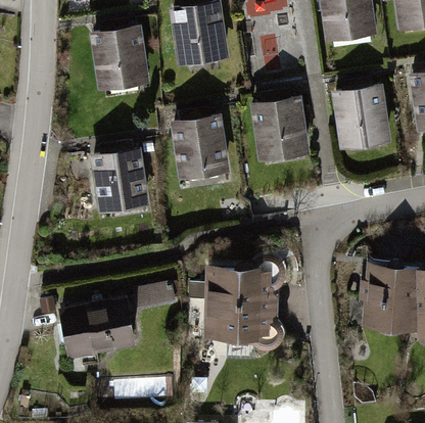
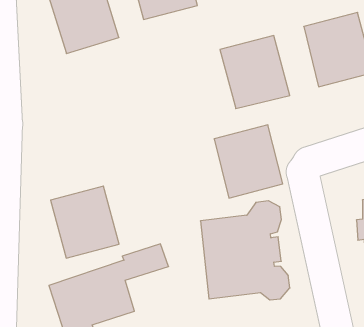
building: [171,114,231,180] -> [214,125,283,198]
building: [87,150,147,215] -> [51,186,119,258]

